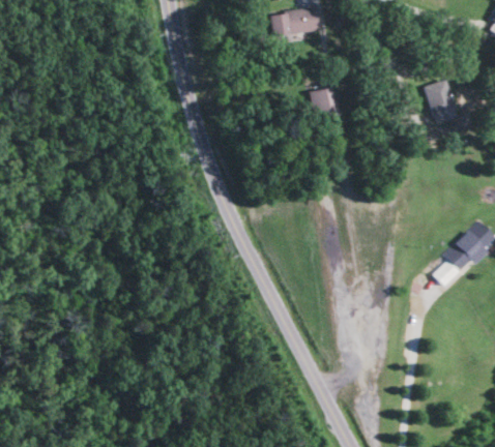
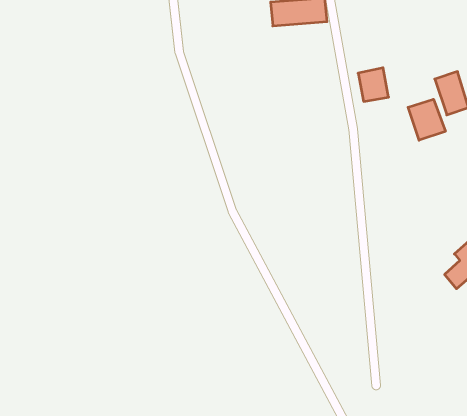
building: [312,86,341,118] -> [358,68,389,101]
building: none -> [408,99,445,140]

